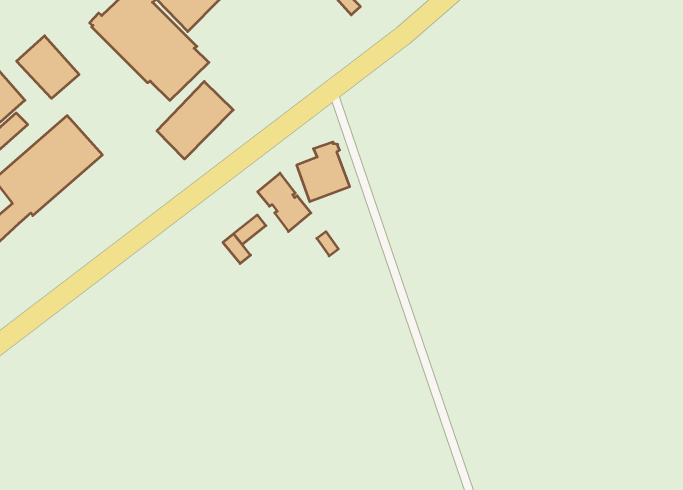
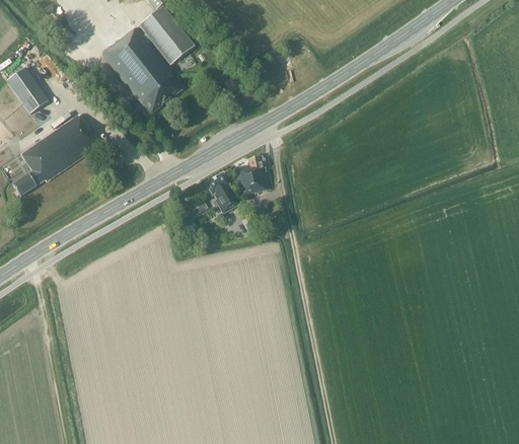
building: [17,36,79,98] -> none
building: [157,81,233,159] -> none

